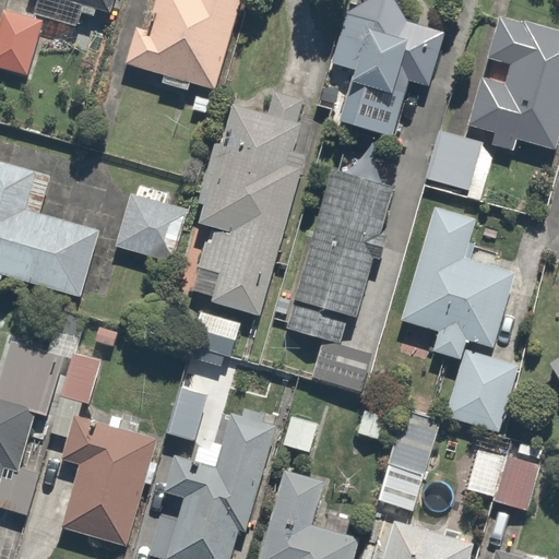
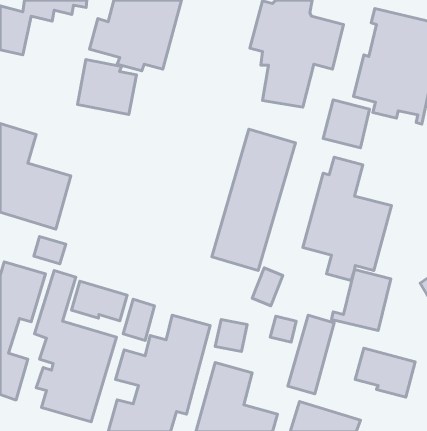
building: [191,98,319,354] -> none
building: [115,191,191,262] -> [77,60,137,115]
building: none -> [71,281,127,321]

